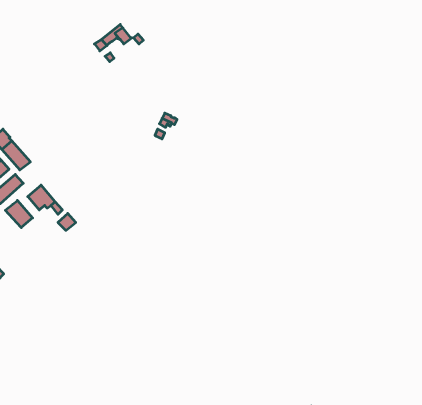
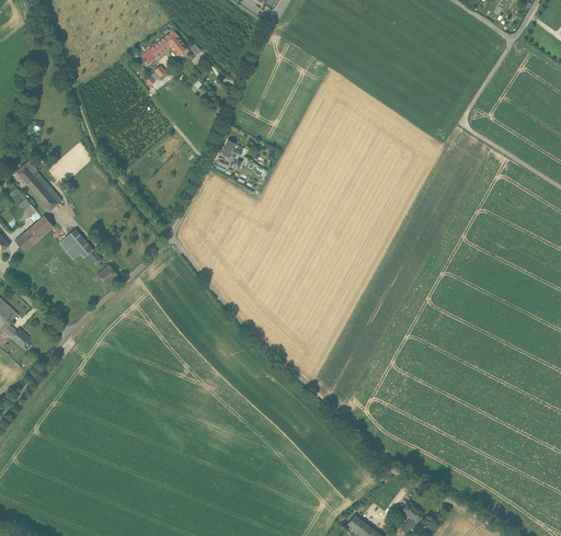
building: [5,200,33,228] -> none

